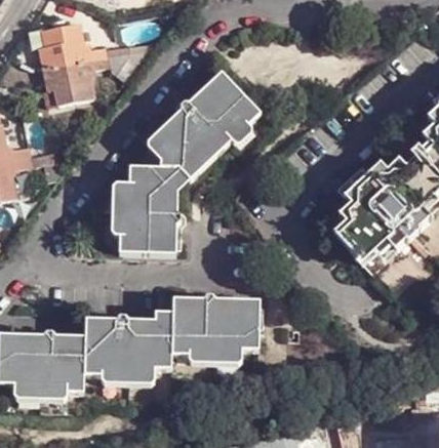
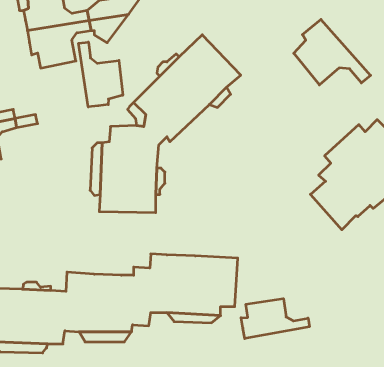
building: none -> [294,19,371,85]
building: none -> [79,42,123,107]
building: none -> [241,299,309,339]

